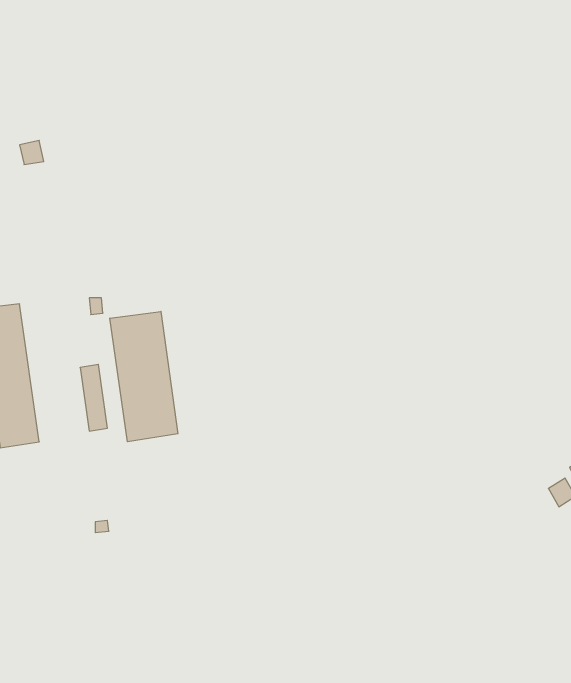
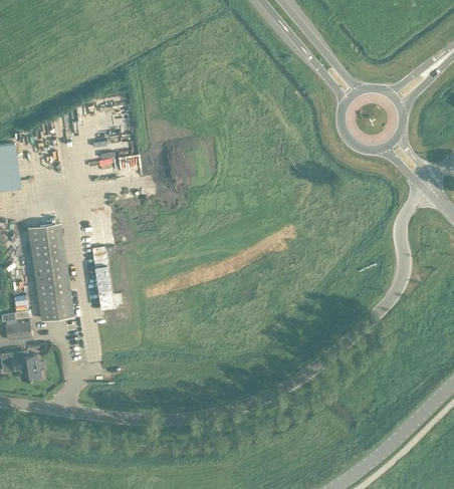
building: [110,311,178,442] -> none

